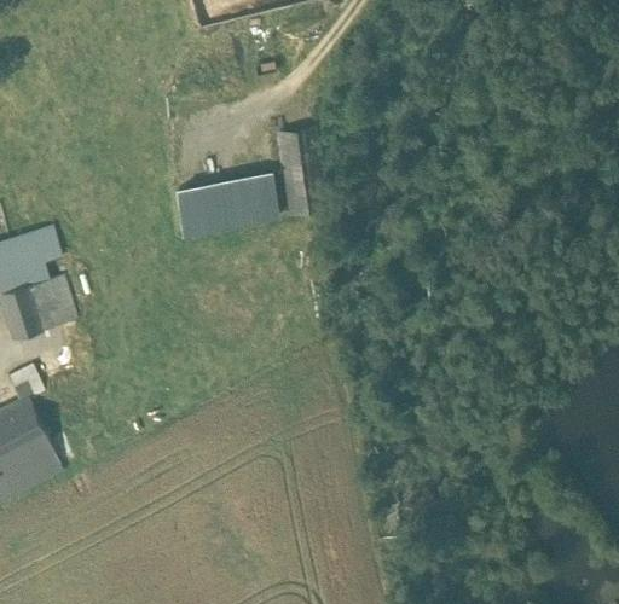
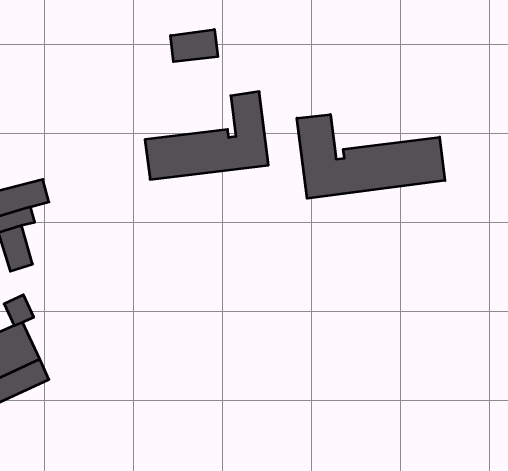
building: none -> [171,29,218,62]
building: none -> [297,114,445,198]
building: [29,278,73,332] -> none

